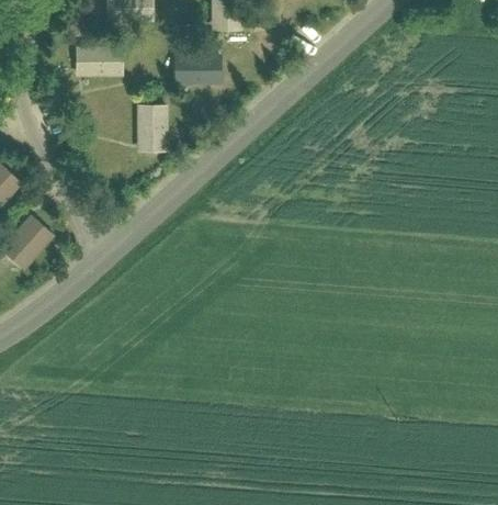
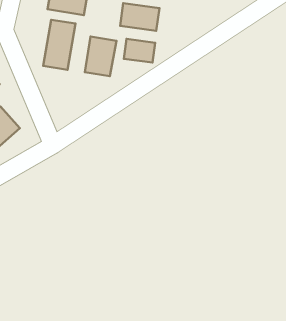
building: none -> [43,20,75,70]
building: none -> [124,39,155,63]

